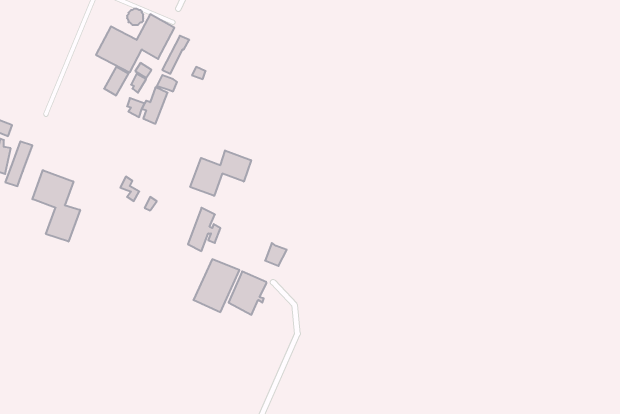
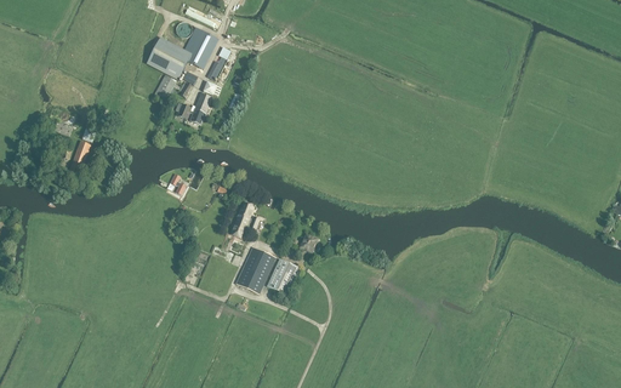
building: [190,150,251,196] -> none
building: [32,170,80,242] -> none

